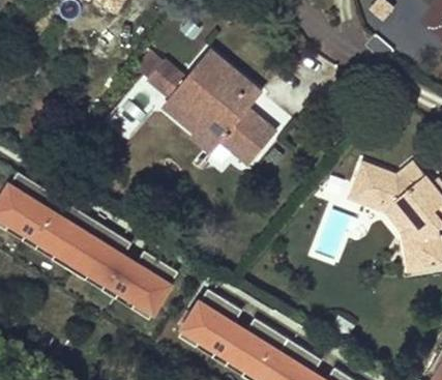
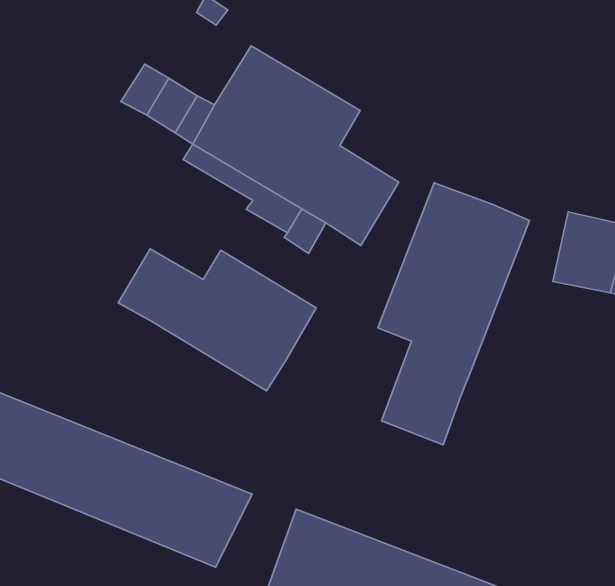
building: none -> [378,183,529,445]
building: none -> [118,249,316,391]

